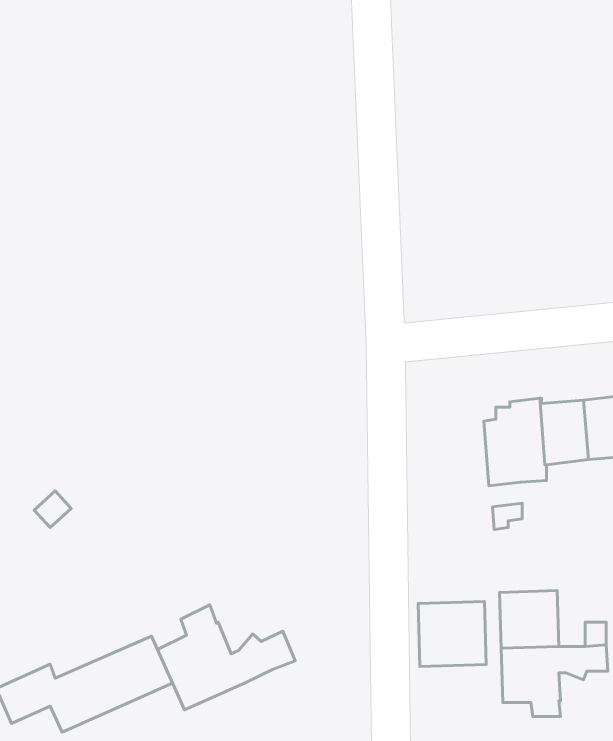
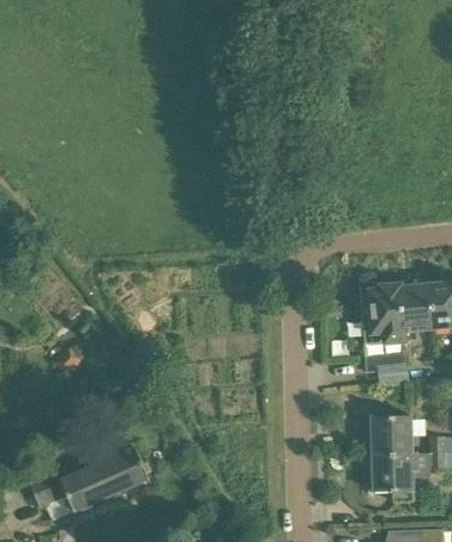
building: [418,602,486,667] -> none
building: [157,605,295,710] -> none

